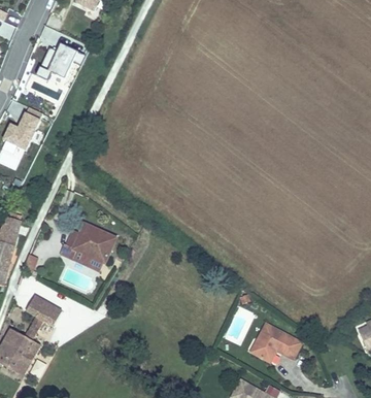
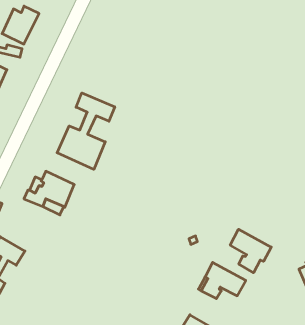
building: none -> [57,93,115,169]
building: none -> [230,229,271,273]

